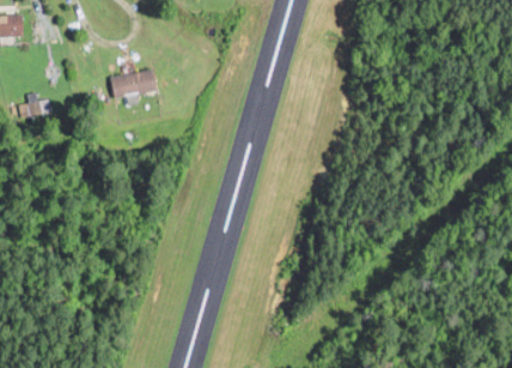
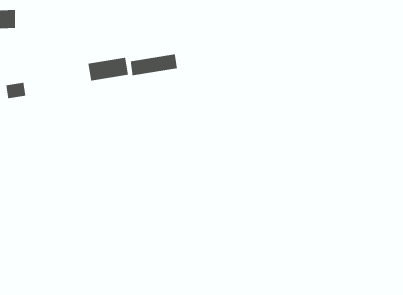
building: none -> [130,53,177,76]

